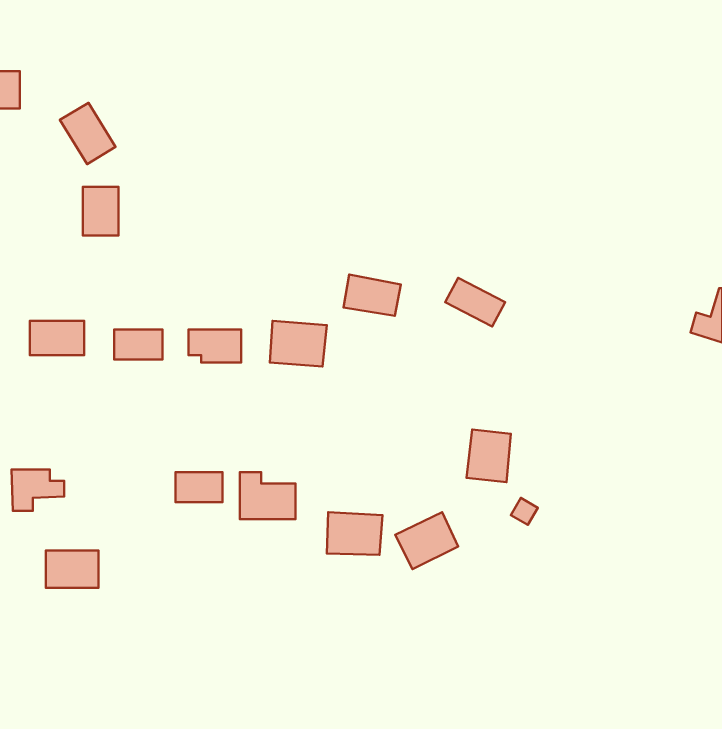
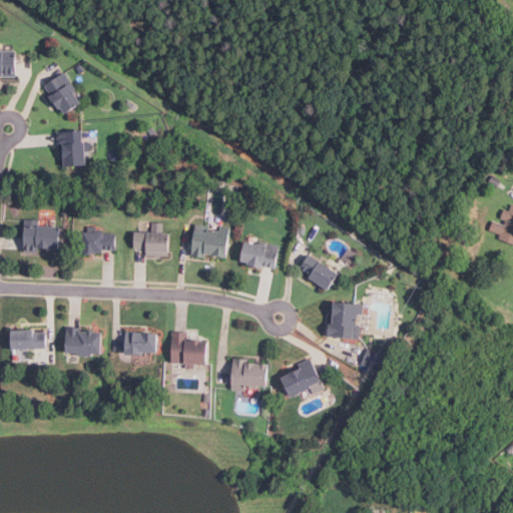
building: [344,275,401,316] -> [238,239,279,269]
building: [445,278,505,326] -> [296,253,338,288]
building: [46,551,98,588] -> [64,329,101,355]

